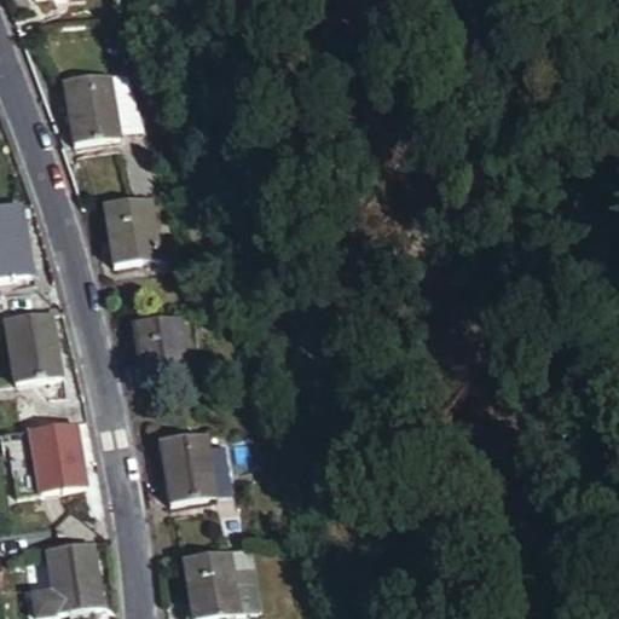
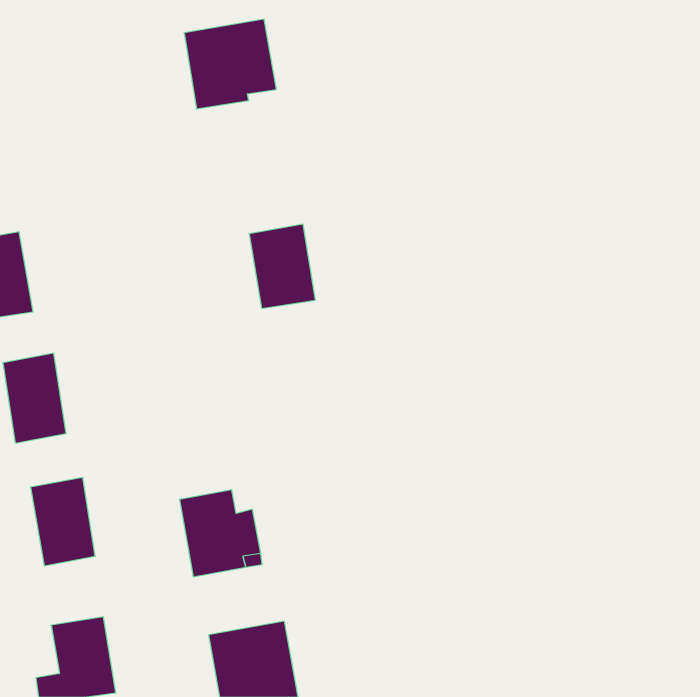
building: [64,66,145,145] -> [184,19,277,109]
building: [103,192,161,266] -> [249,224,315,308]
building: [133,311,191,386] -> none

